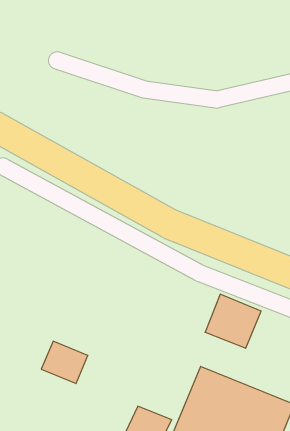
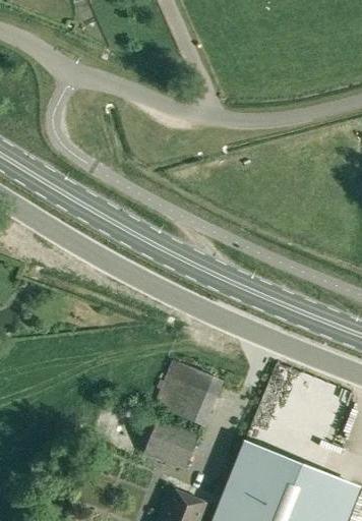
building: [205,294,261,348] -> [155,361,222,426]
building: [41,341,88,384] -> [143,419,199,470]

